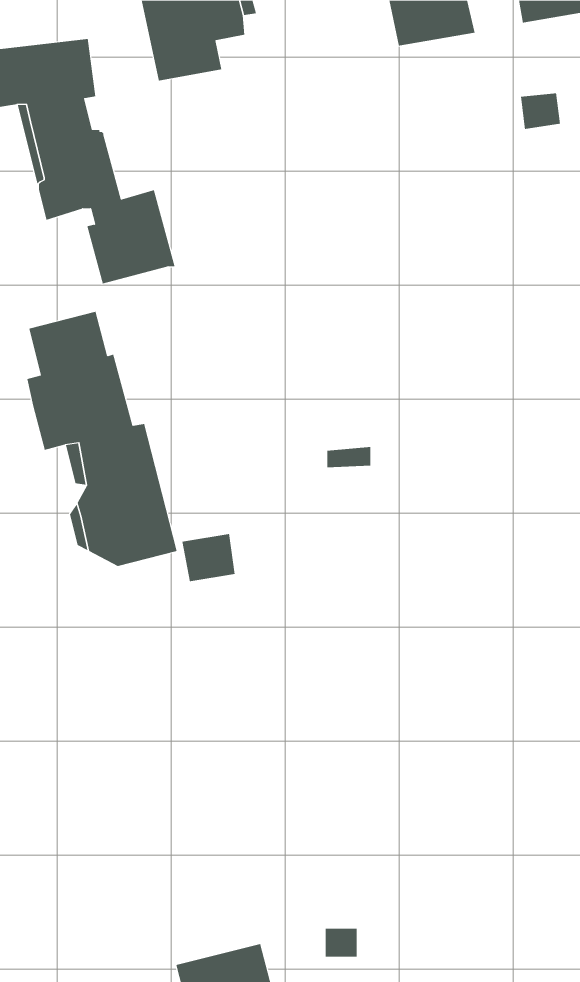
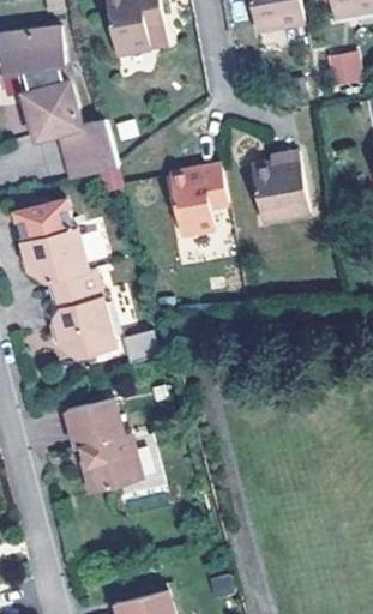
building: none -> [251,151,308,222]
building: none -> [164,163,230,228]
building: none -> [67,396,144,492]

